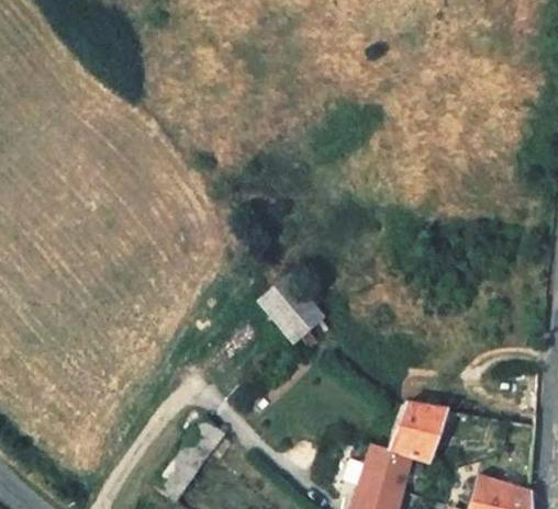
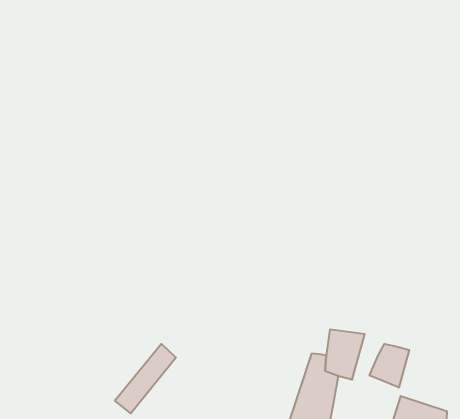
building: [261,282,335,353] -> none
building: none -> [370,344,409,388]

